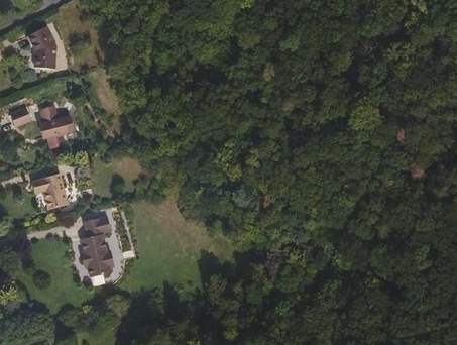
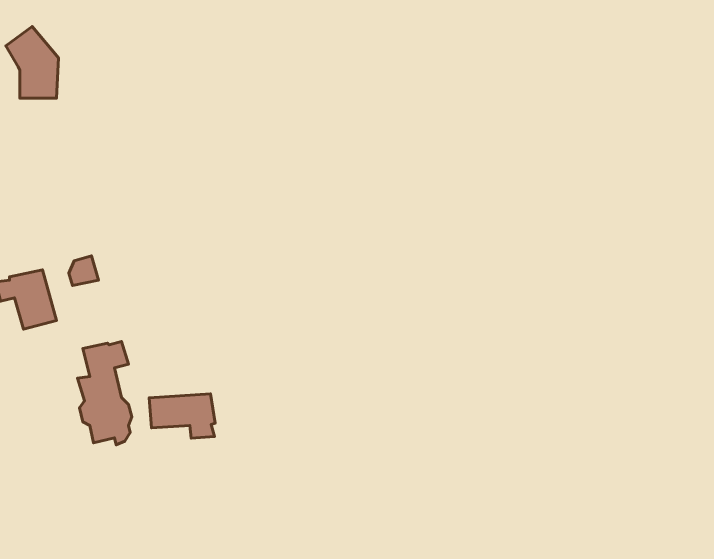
building: [35,104,67,143] -> none
building: none -> [149,394,215,438]

